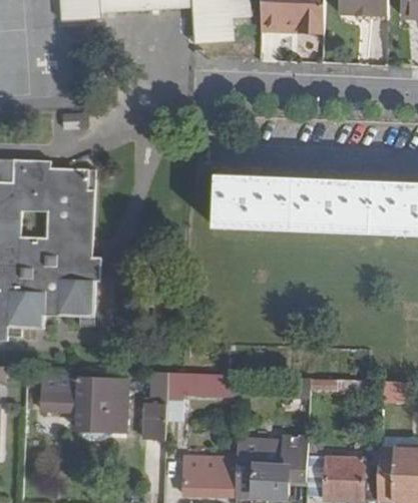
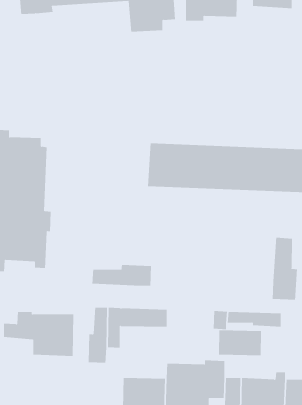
building: none -> [272,237,297,300]
building: none -> [92,264,151,287]
building: none -> [218,330,262,356]

